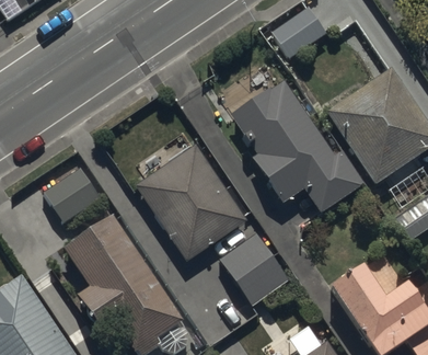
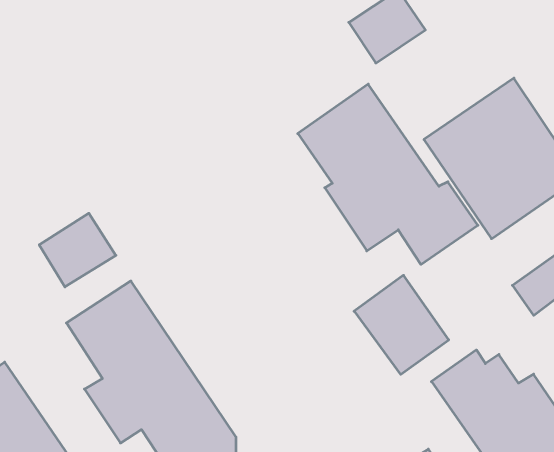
building: [136,134,247,265] -> none
building: [218,236,287,308] -> [354,275,449,374]

